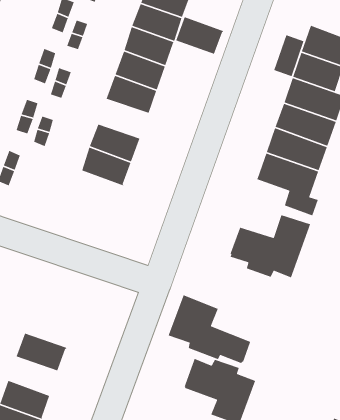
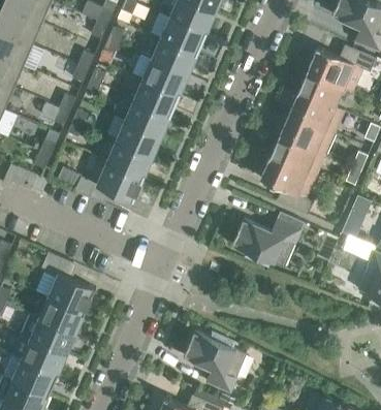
building: [175,16,224,55] -> none
building: [273,34,305,77] -> none
building: none -> [125,99,170,135]
building: none -> [73,160,144,201]
building: none -> [40,252,95,313]
building: [168,294,251,364] -> none
building: none -> [30,318,74,354]

